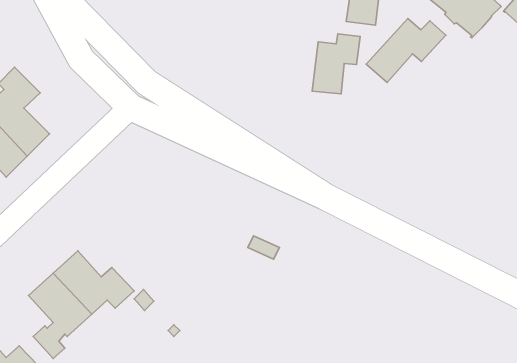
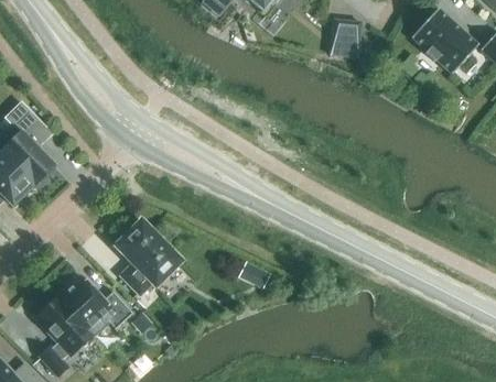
building: [366,18,446,82] -> none
building: [312,34,360,94] -> none
building: none -> [116,219,181,294]

